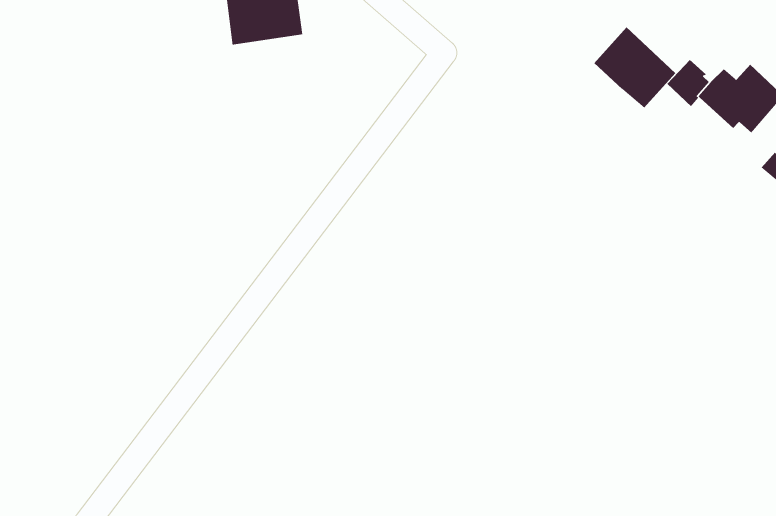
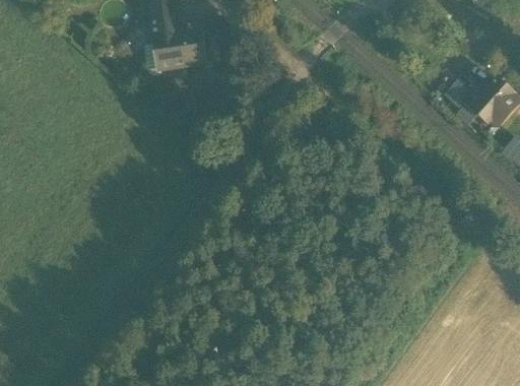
building: [594,27,676,108] -> none

